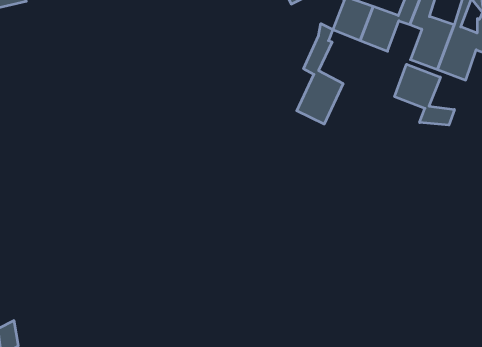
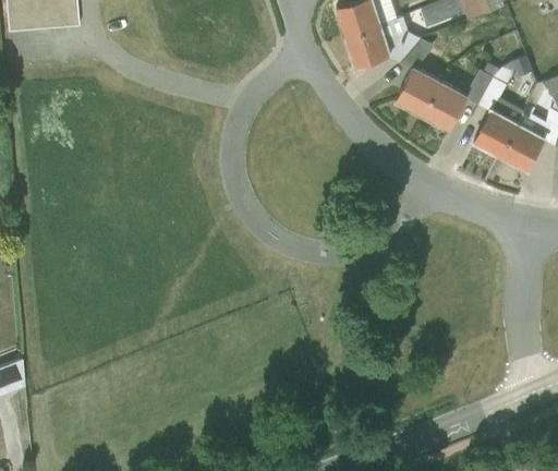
building: [297,24,343,124] -> none
building: [395,64,454,125] -> none

